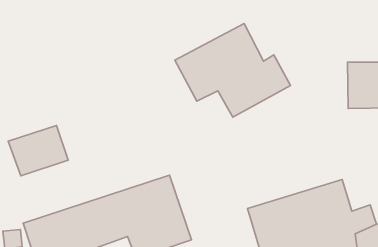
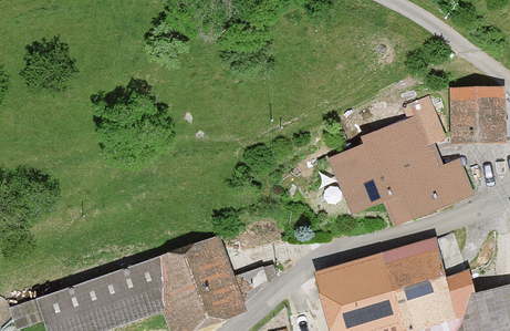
building: [175,23,291,117] -> [327,112,473,230]
building: [8,125,68,176] -> none

